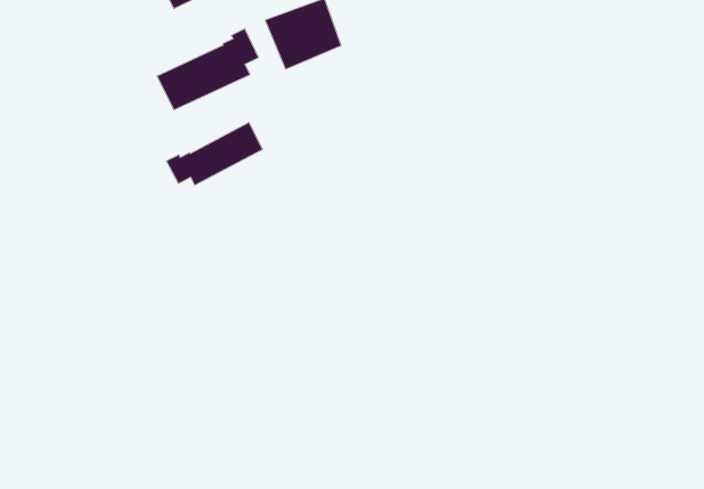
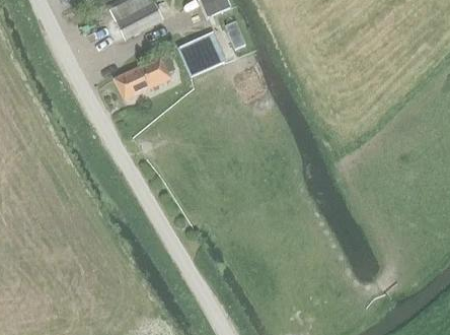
building: [166,122,262,185] -> none

